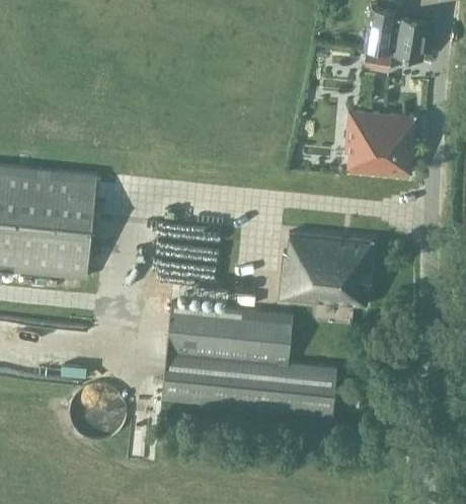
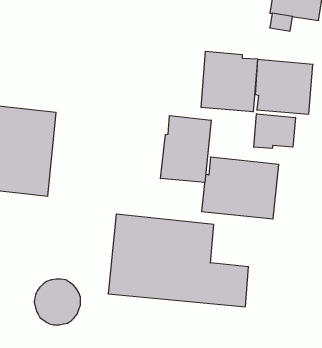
building: none -> [201,51,258,112]
building: none -> [254,114,295,148]
building: none -> [161,116,211,183]

